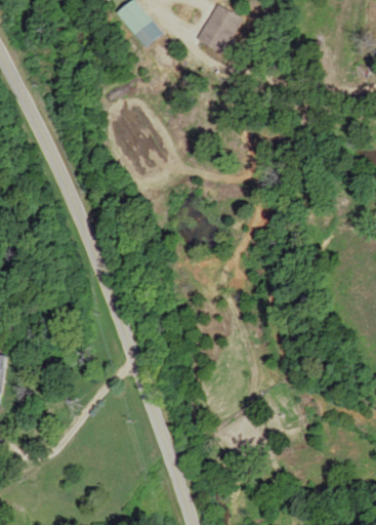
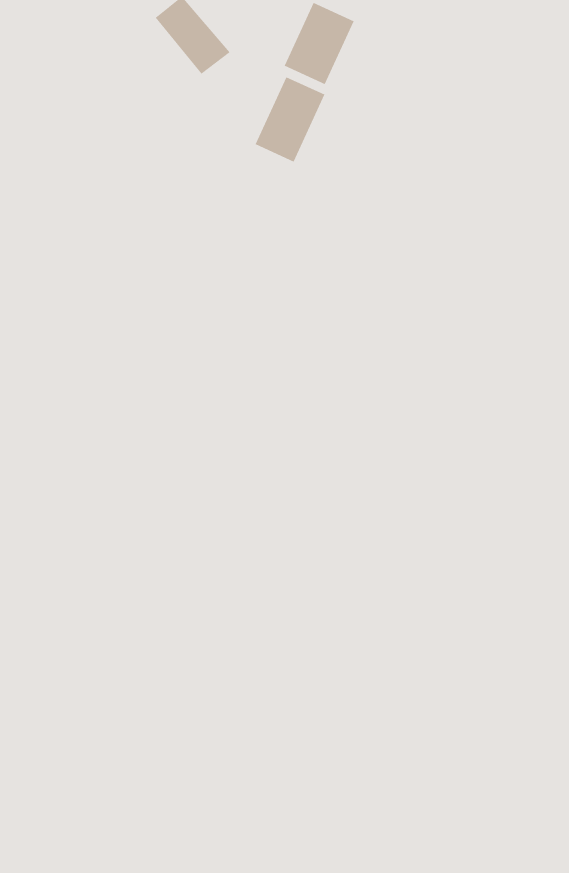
building: none -> [255,76,325,162]

